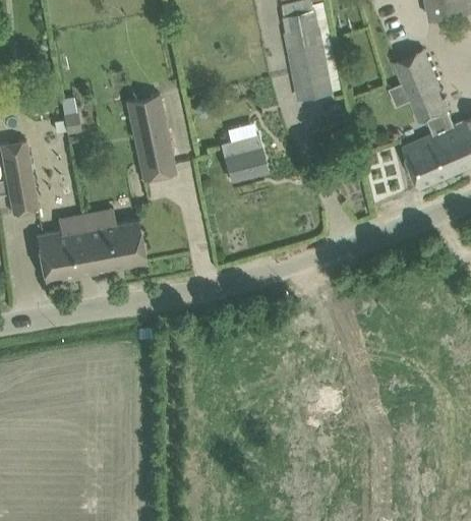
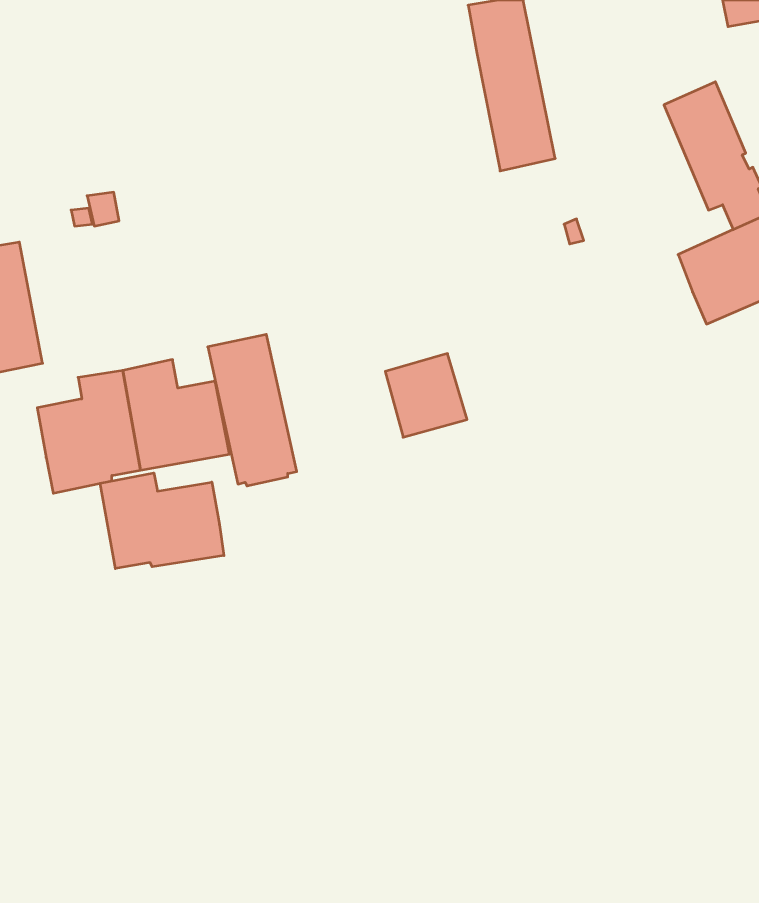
building: [126,96,177,182] -> [208,334,297,486]
building: [221,134,268,182] -> [385,354,467,437]
building: none -> [100,473,224,569]

